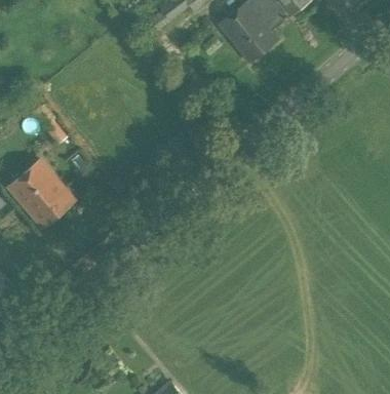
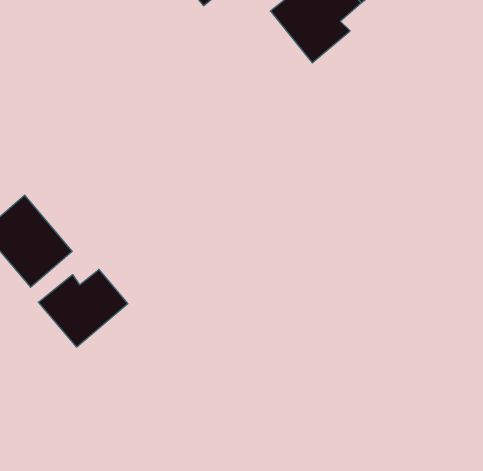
building: none -> [38,269,128,347]

